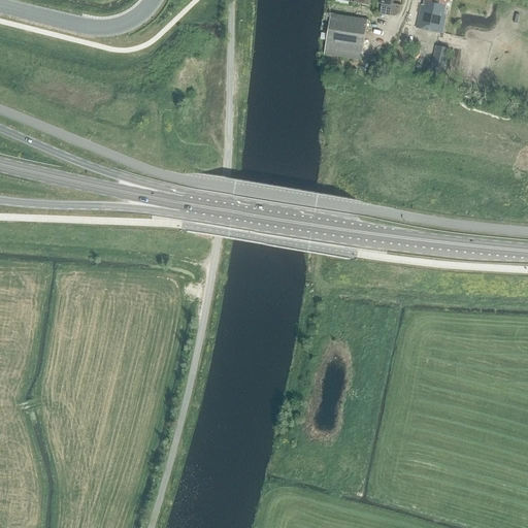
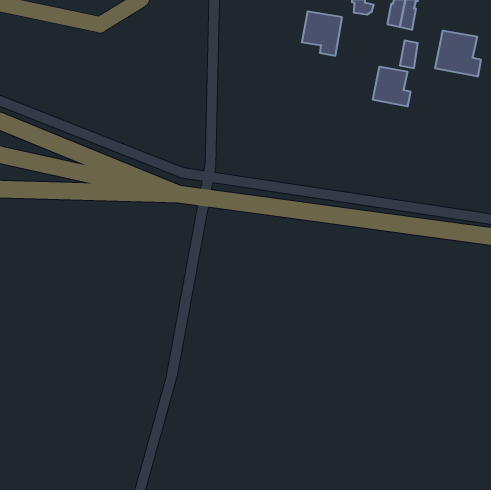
building: none -> [435,30,481,77]
building: none -> [373,67,410,107]

